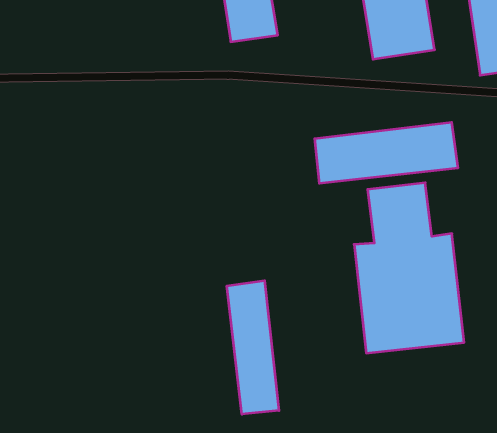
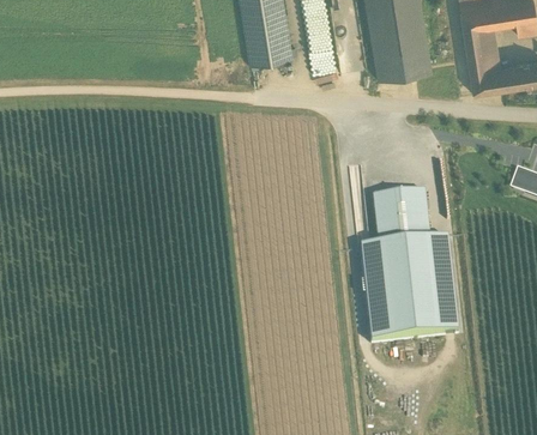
building: [315,122,458,183] -> none
building: [227,281,279,414] -> none

